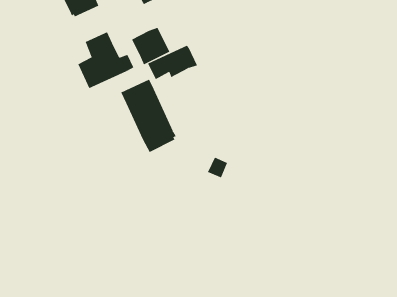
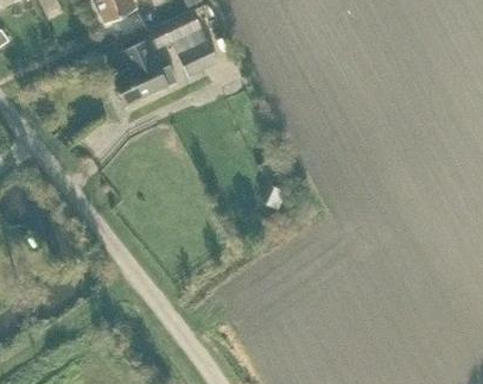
building: [147,45,198,80] -> [147,10,205,50]
building: [120,79,176,153] -> none

